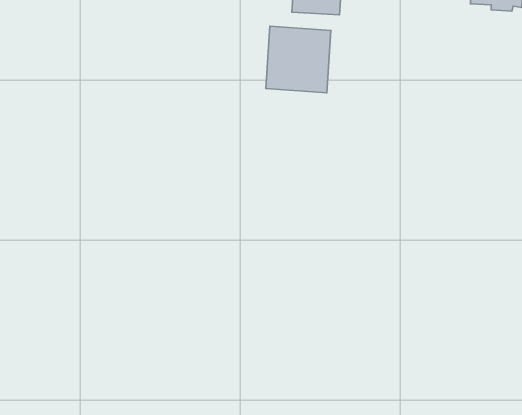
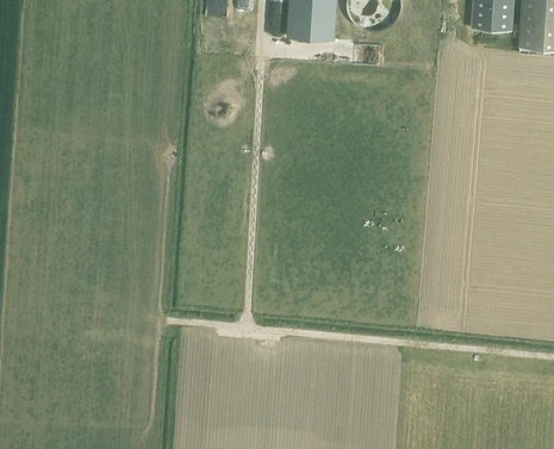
building: [266,26,331,93] -> none

